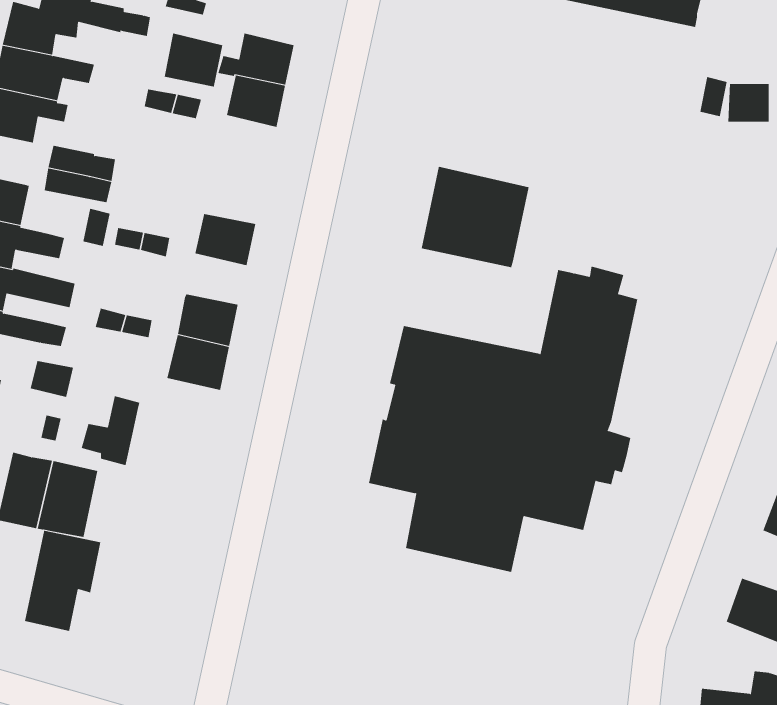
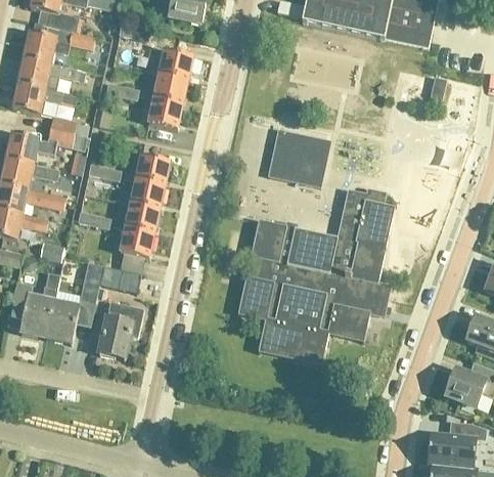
building: [164,33,223,87] -> [148,98,183,130]
building: none -> [118,179,166,209]
building: none -> [100,267,141,291]
building: [24,530,101,632] -> [98,301,143,360]

